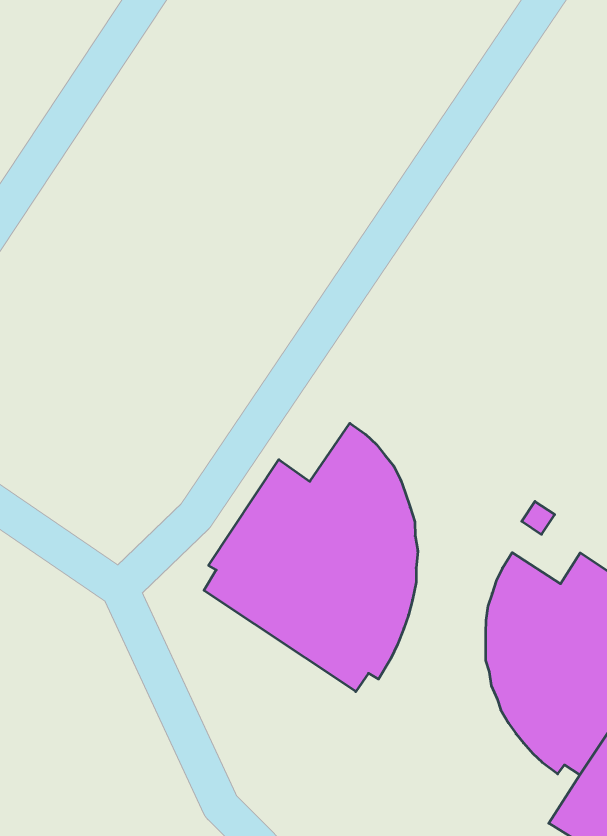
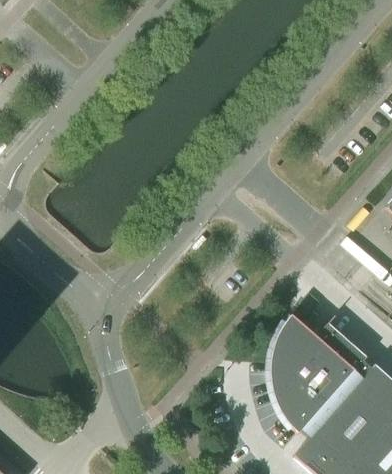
building: [204,423,418,692] -> none

